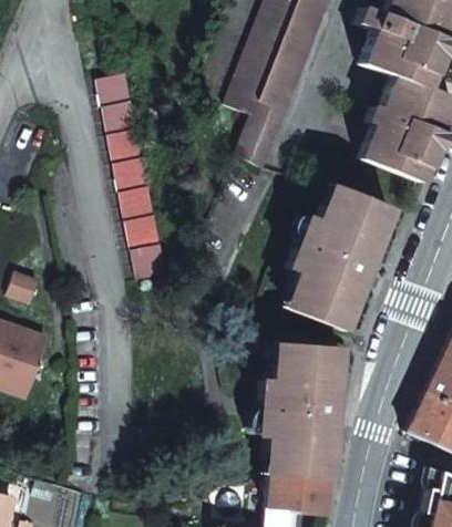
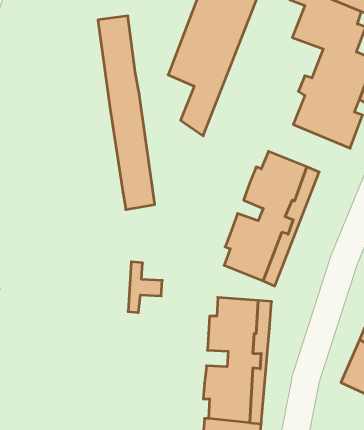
building: [107,70,168,277] -> [98,16,155,210]
building: [285,216,329,272] -> none
building: [255,381,291,435] -> [128,262,162,313]

